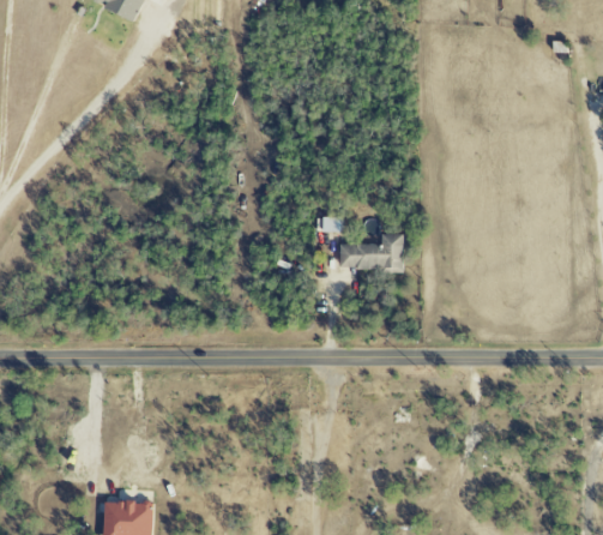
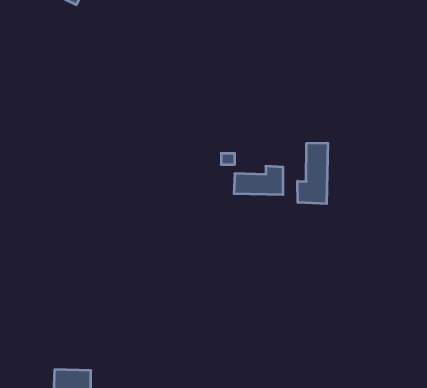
building: none -> [298,143,328,204]

